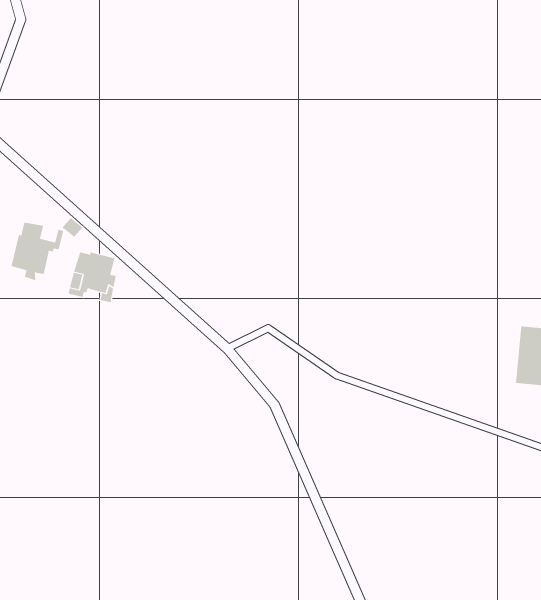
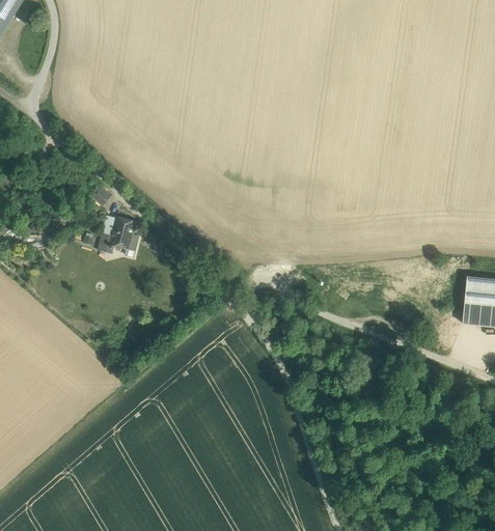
building: [11,222,64,281] -> none

